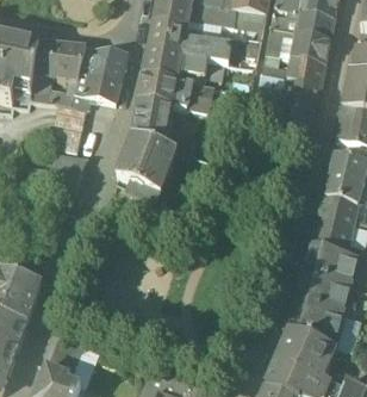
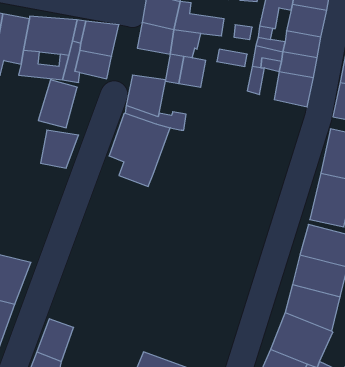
building: [141,70,178,101] -> none

